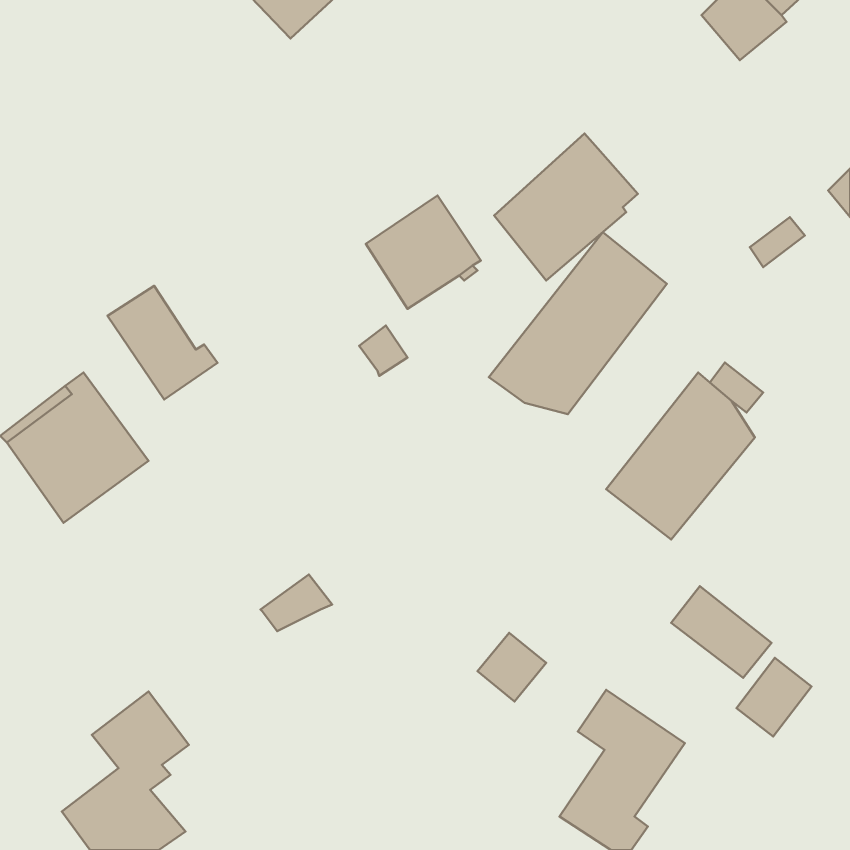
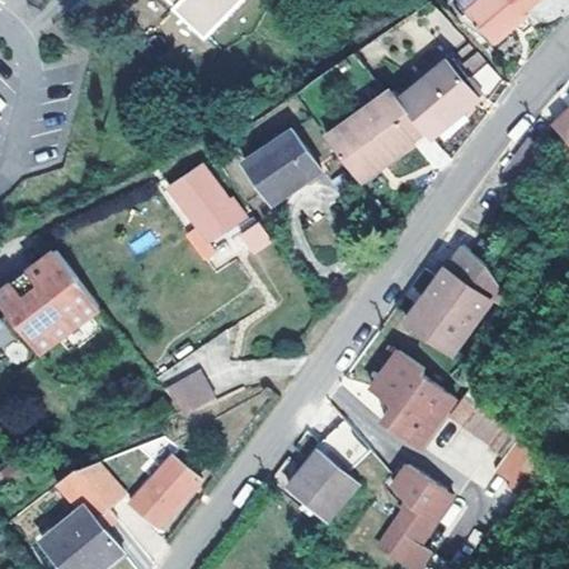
building: none -> [398,60,500,137]
building: [489,232,667,414] -> none
building: [107,286,218,399] -> [172,164,246,240]
building: none -> [368,355,451,452]
building: none -> [287,450,358,523]
building: none -> [128,458,201,530]

